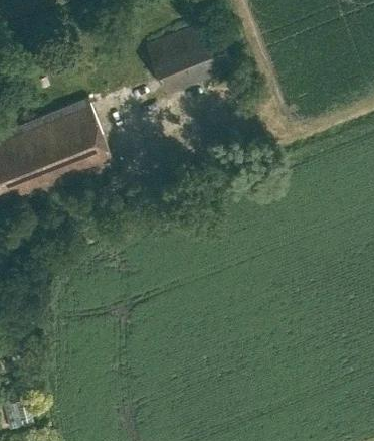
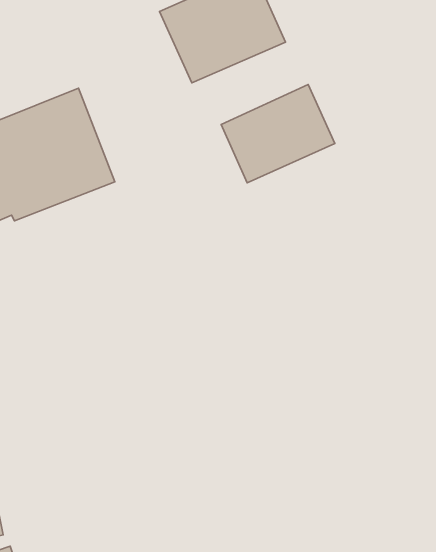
building: none -> [221,84,335,183]

